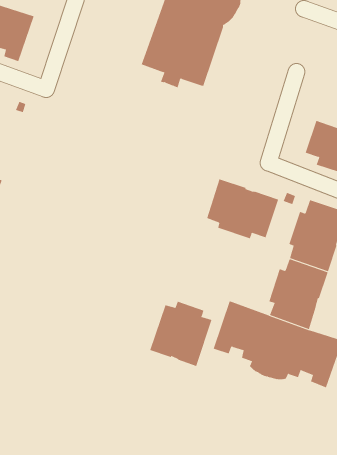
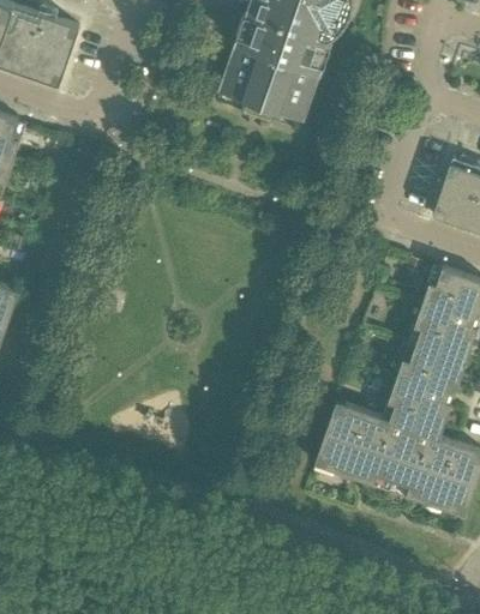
building: [206,178,279,239] -> none
building: [149,301,212,367] -> none

